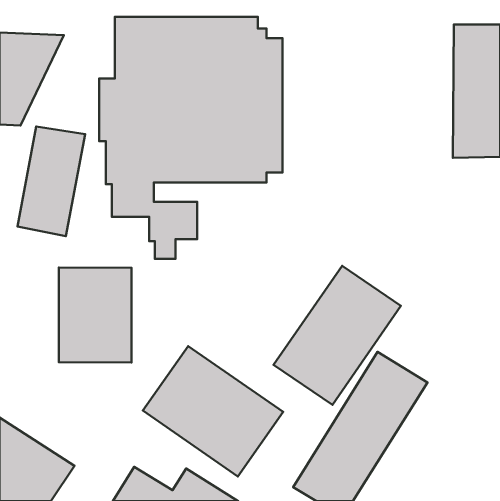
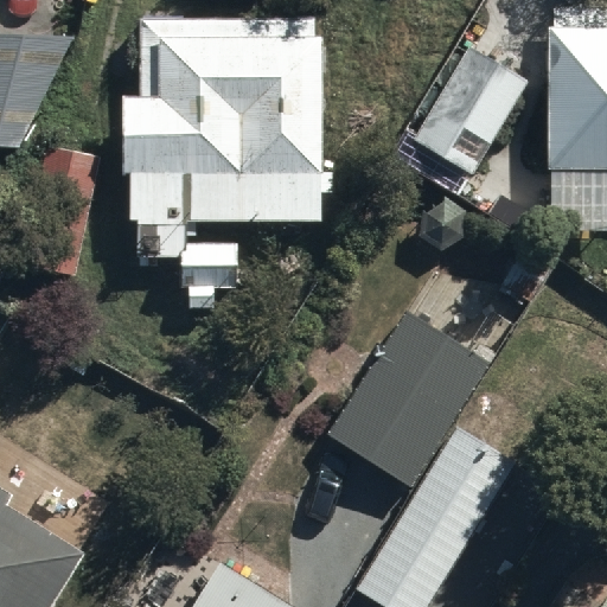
building: none -> [409,32,528,162]
building: [59,268,131,363] -> none
building: [143,346,283,476] -> none

